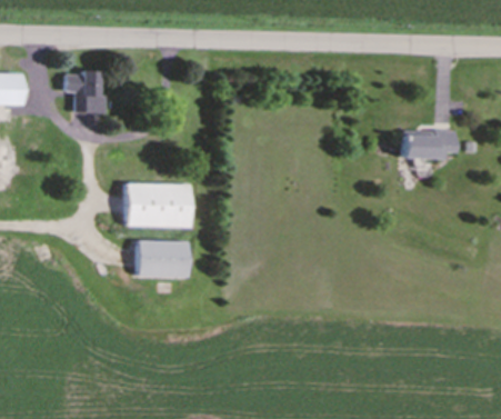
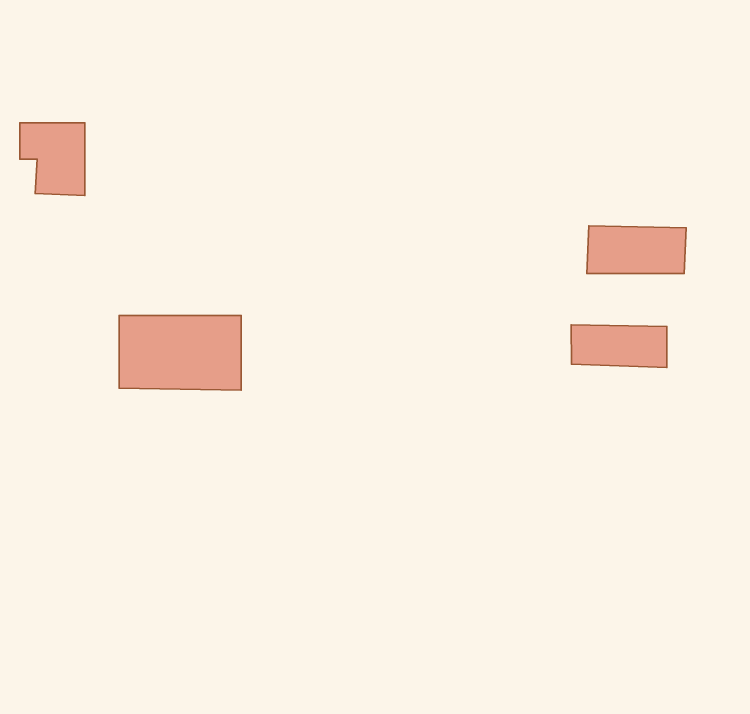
building: none -> [571,325,667,368]
building: [136,241,192,277] -> none

